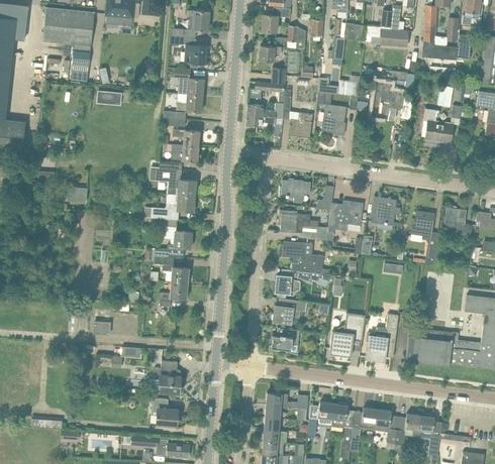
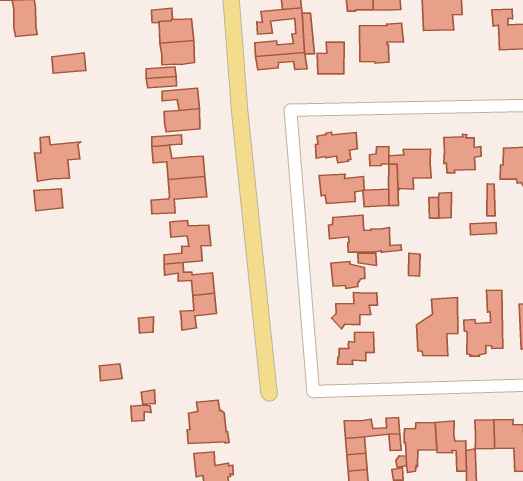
building: none -> [35,137,81,181]

